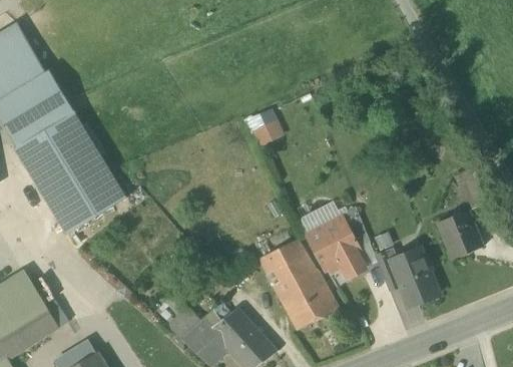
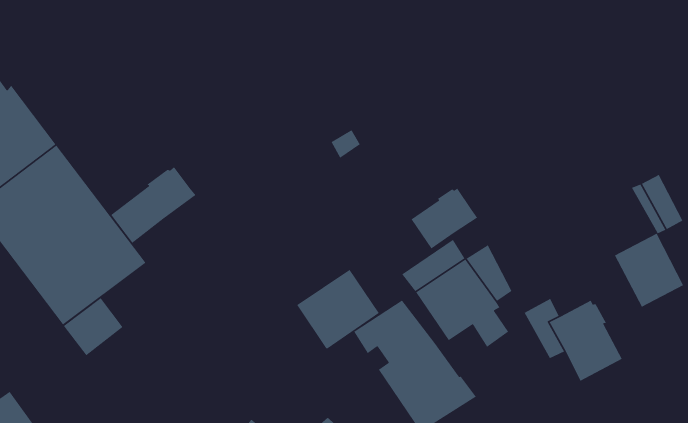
building: none -> [110,166,196,244]
building: none -> [411,187,478,250]
building: none -> [296,269,380,349]
building: none -> [63,297,124,356]

